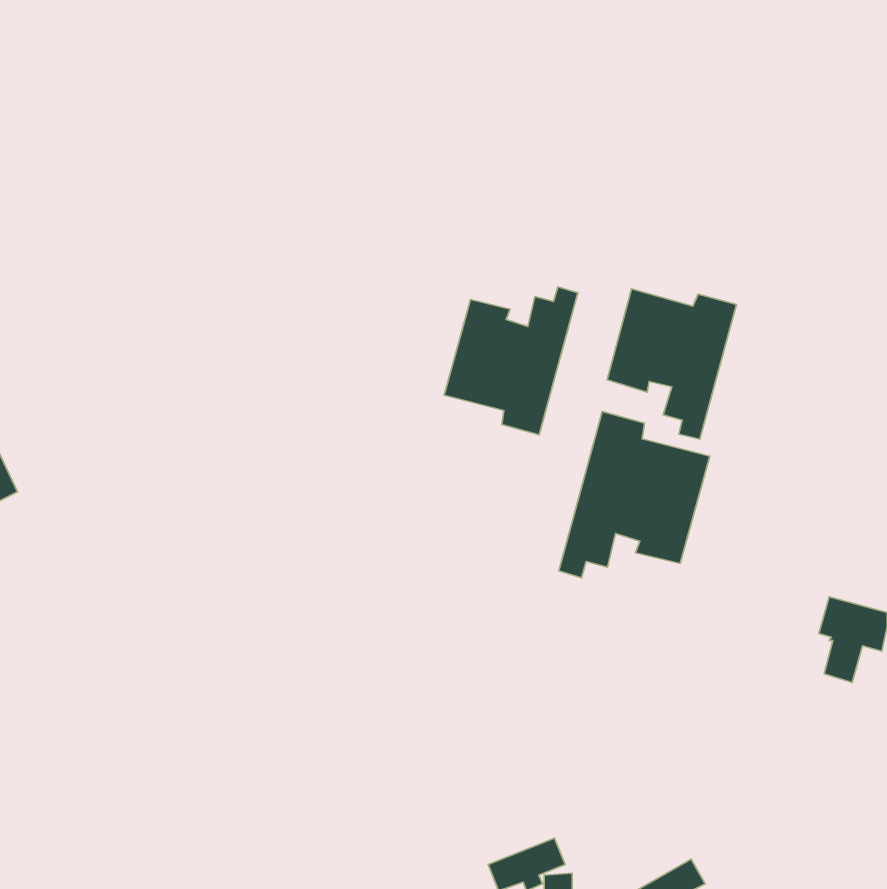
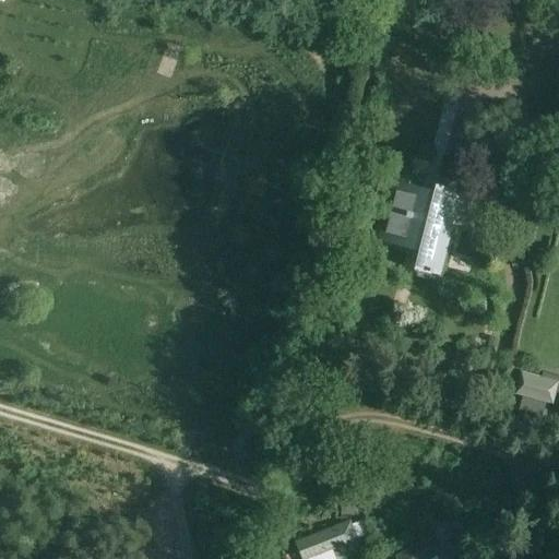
building: [444,287,578,435] -> none
building: [559,412,710,578] -> none

